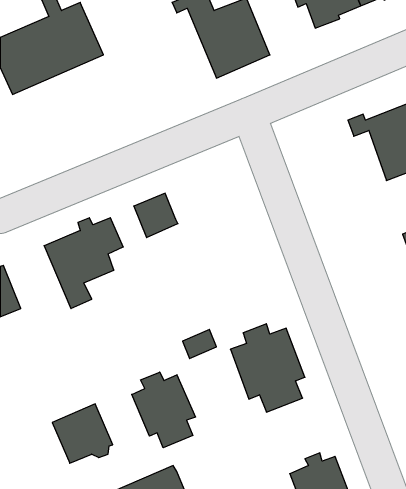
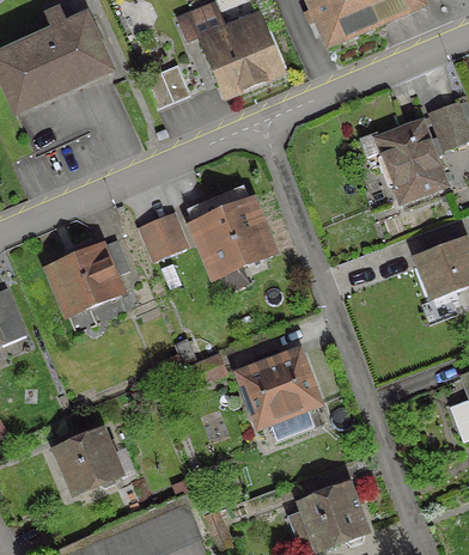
building: none -> [144,65,189,109]
building: none -> [188,199,272,276]
building: [132,372,195,448] -> none

